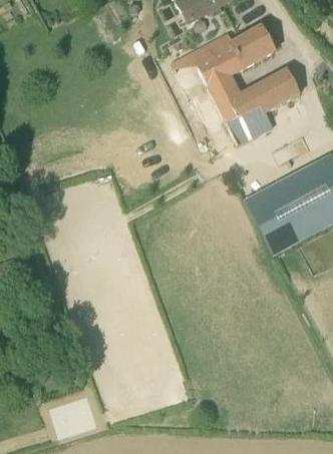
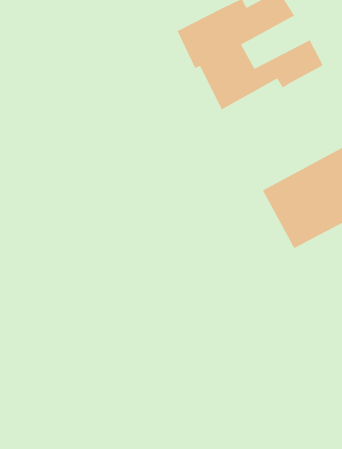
building: [228,103,272,143] -> none

